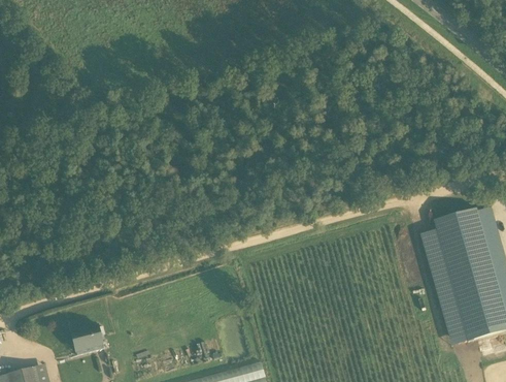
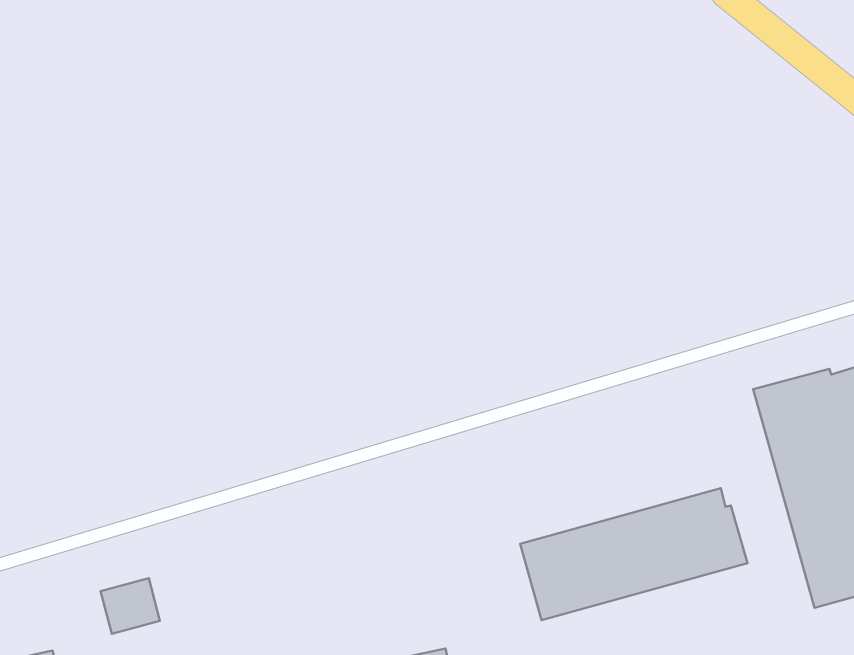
building: none -> [520,488,748,620]

